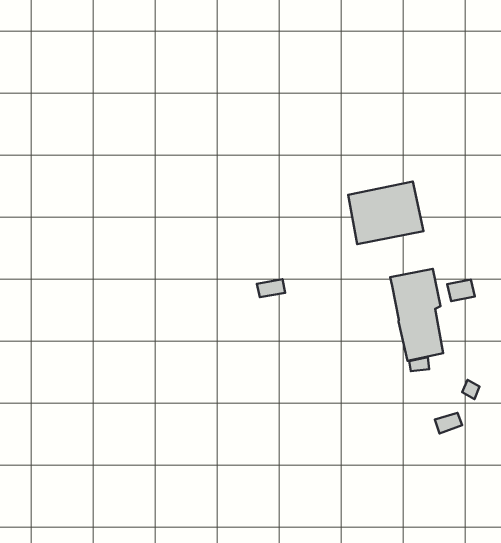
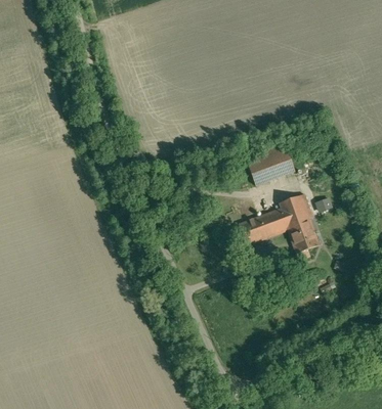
building: none -> [239,209,288,245]

